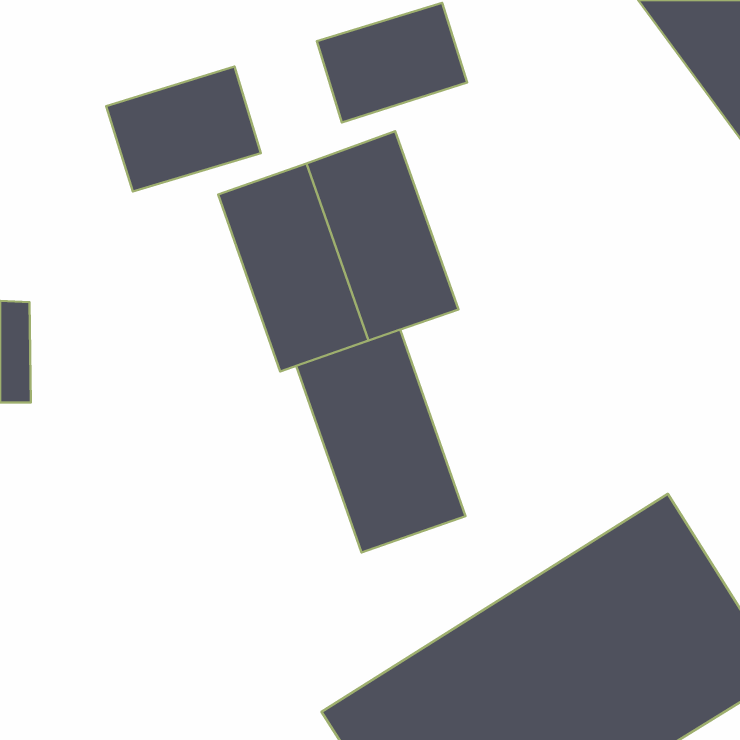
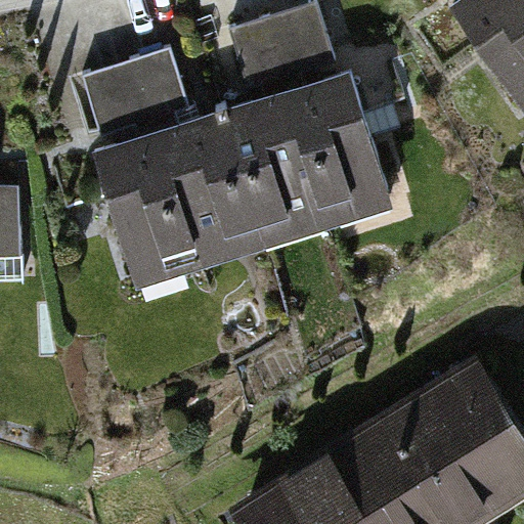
building: none -> [283,79,389,224]
building: none -> [98,144,204,289]
building: [296,330,466,552] -> none

